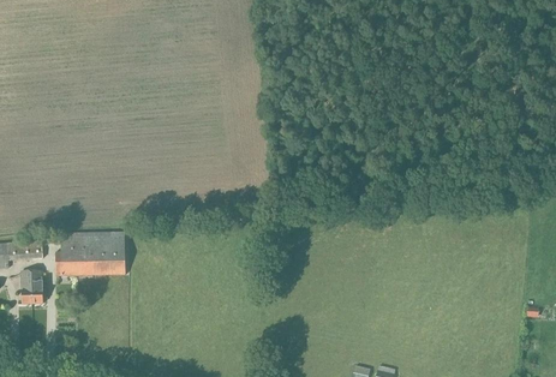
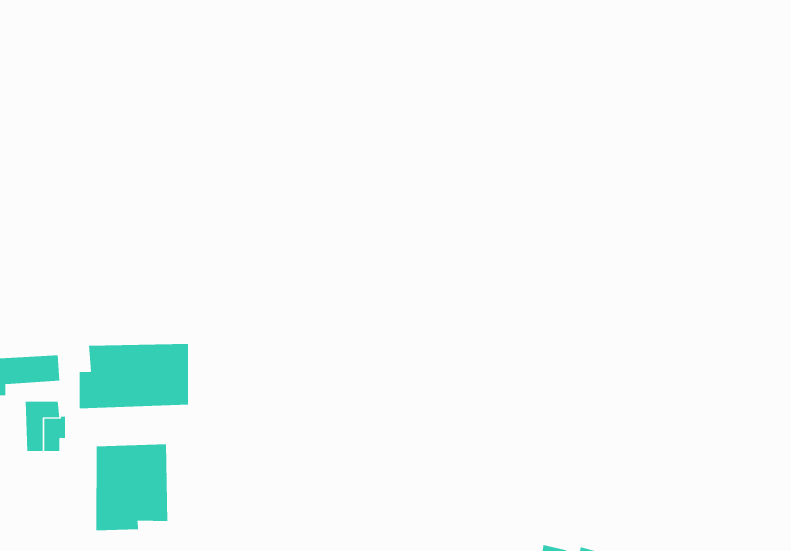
building: none -> [96,444,168,531]

